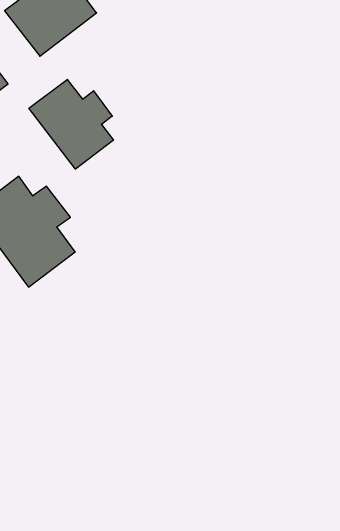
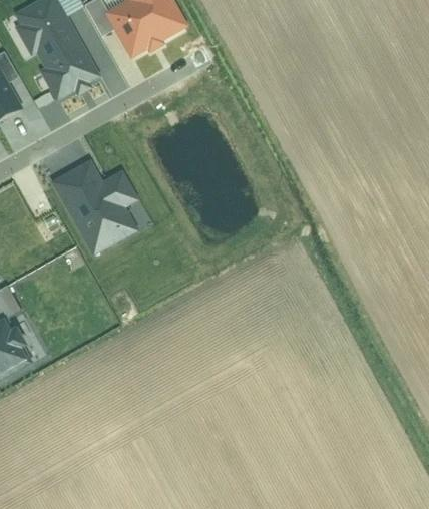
building: [29,79,114,169] -> none

